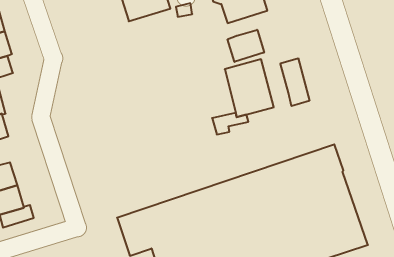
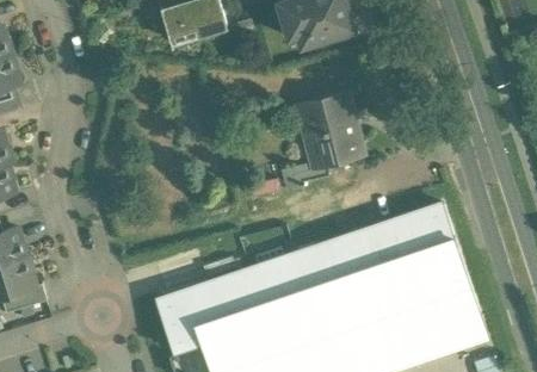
building: [228,30,264,62] -> none
building: [280,58,309,106] -> none

